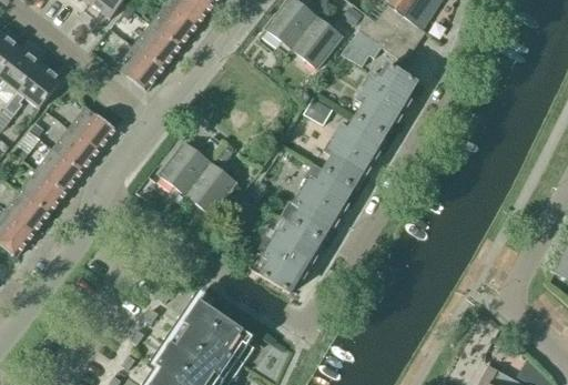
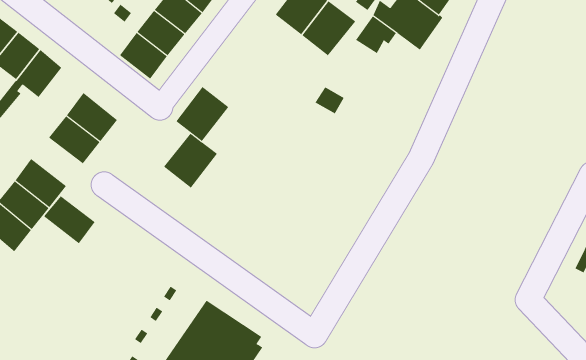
building: [260,63,416,292] -> none
building: [31,145,81,192] -> [43,195,95,244]
building: [184,161,235,214] -> [176,86,229,142]

